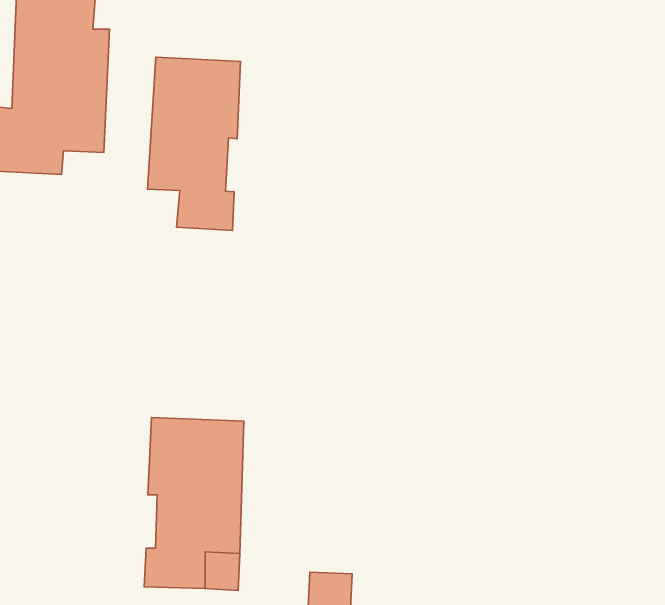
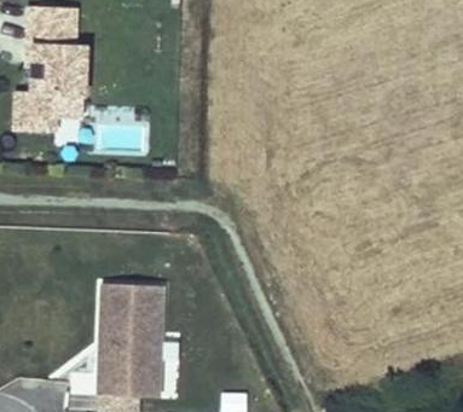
building: [148,57,240,231] -> none

